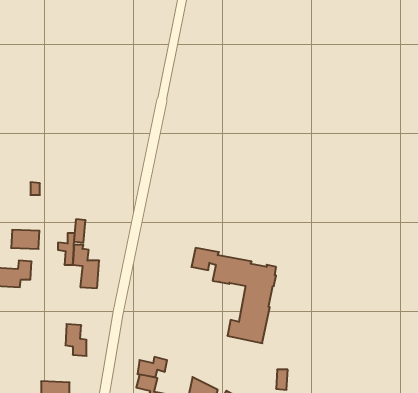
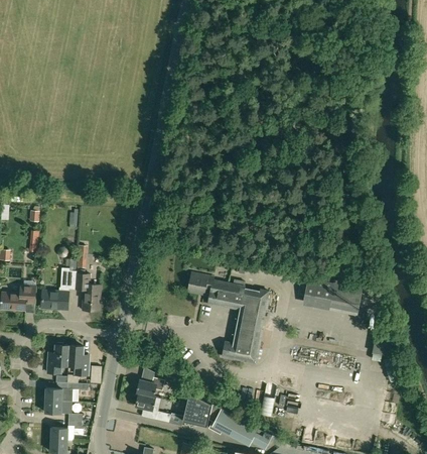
building: [11,230,40,249] -> [41,292,68,310]
building: none -> [303,278,363,305]
building: none -> [47,343,68,374]
building: none -> [44,383,83,402]

